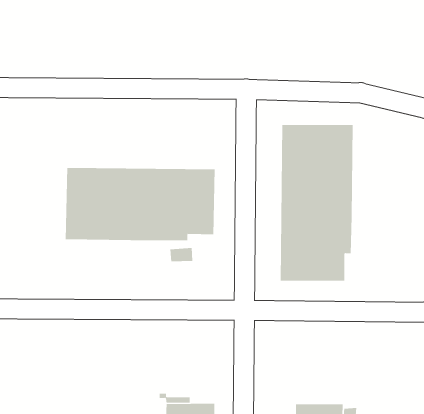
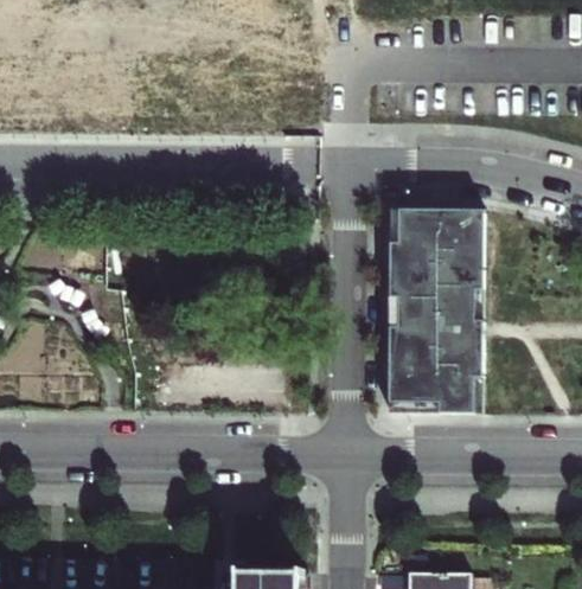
building: [65,167,215,241] -> none

